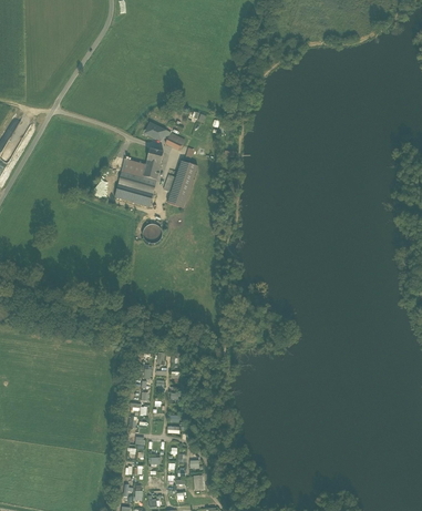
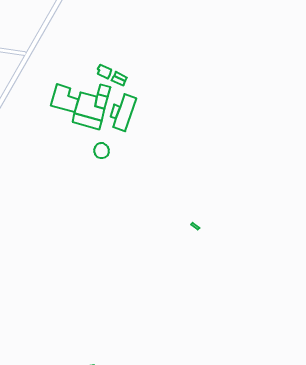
building: none -> [51,84,78,112]

